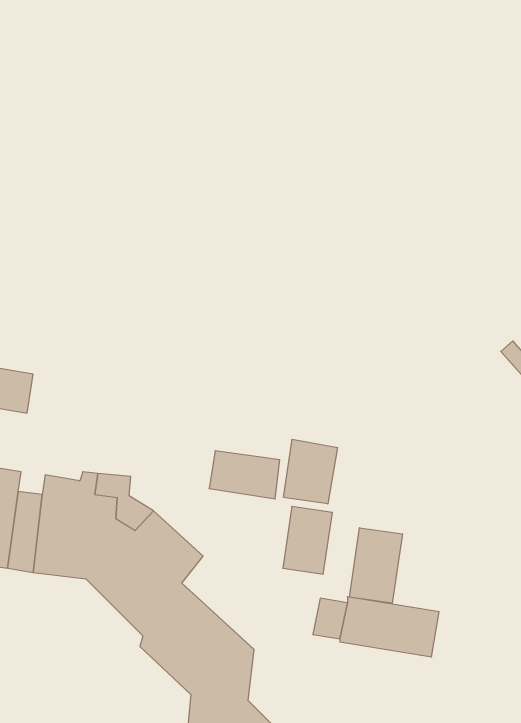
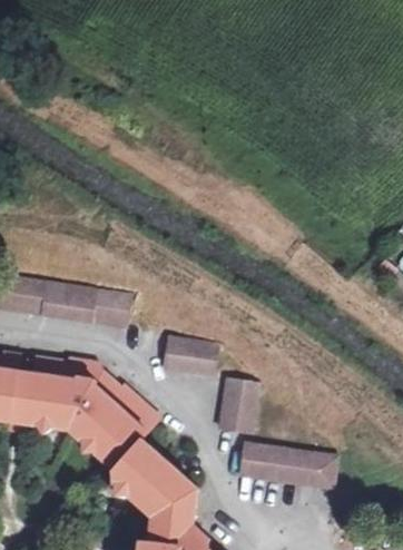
building: none -> [41,283,129,325]
building: [284,439,337,504] -> none
building: [349,528,402,603] -> none

